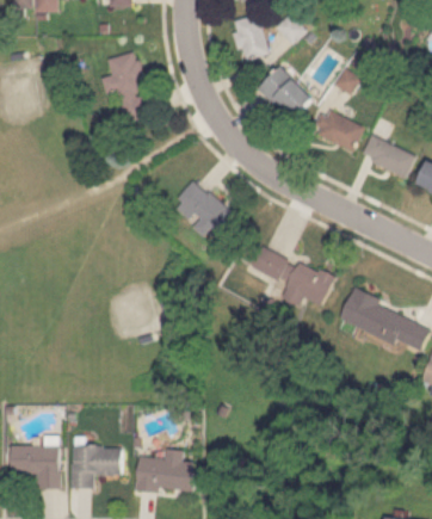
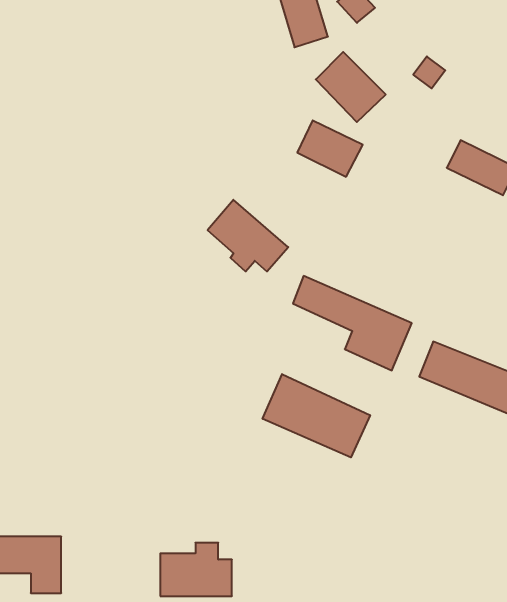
building: [100,52,150,124] -> none
building: [314,109,365,153] -> [297,120,363,177]
building: none -> [263,374,370,457]
building: [70,446,122,488] -> none

